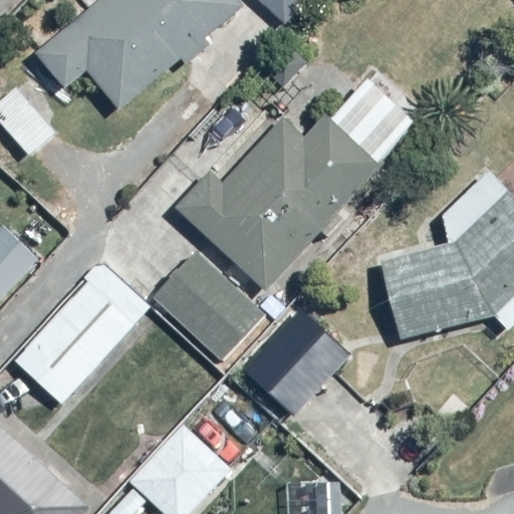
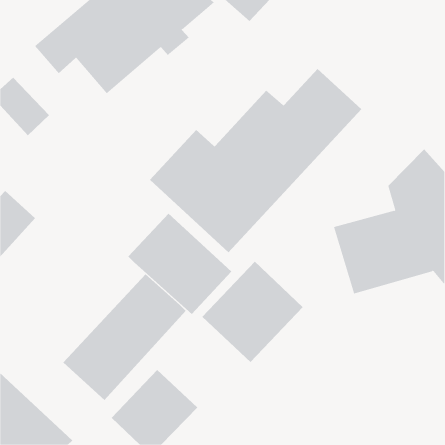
building: [11,259,154,406] -> [63,273,187,401]

